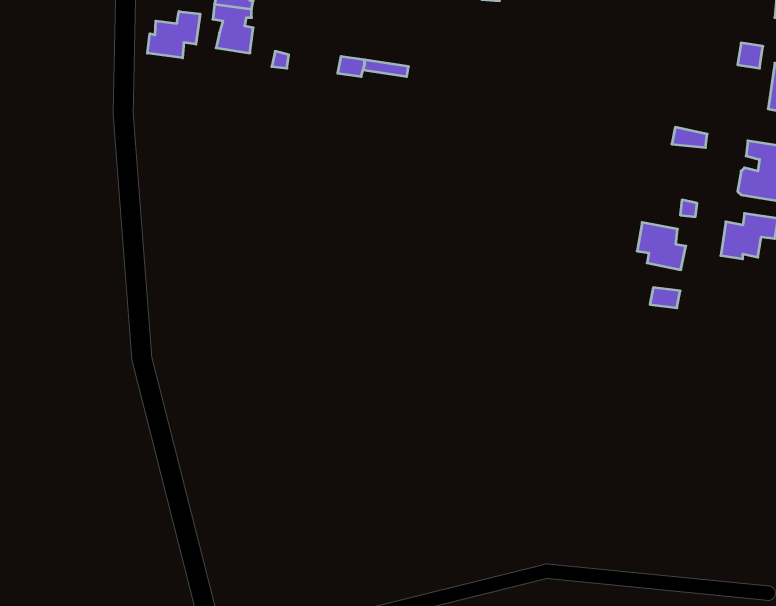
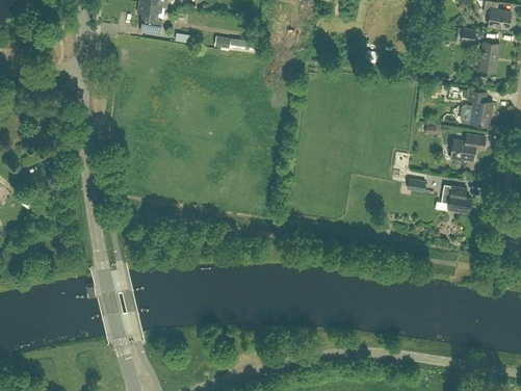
building: [147,11,200,58] -> none
building: [637,222,686,270] -> [441,184,471,213]

